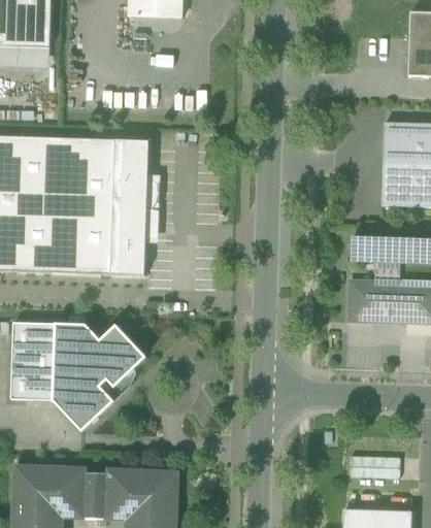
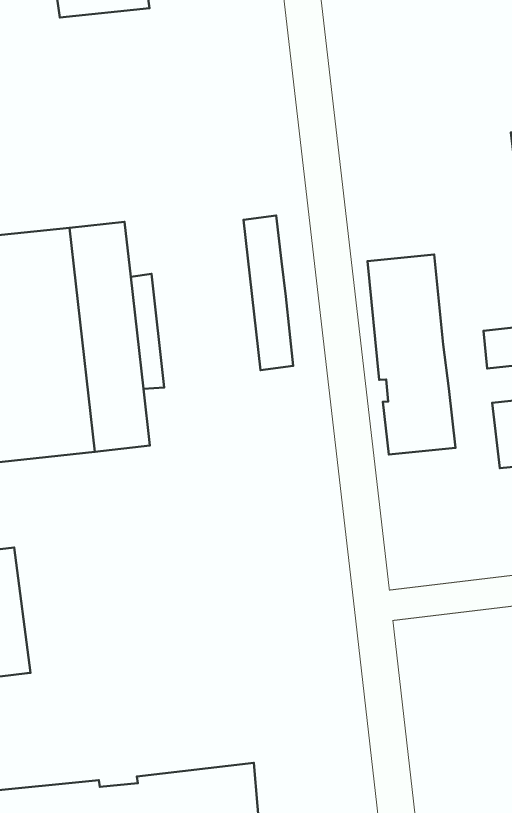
building: none -> [243,216,293,370]
building: none -> [368,254,455,454]
building: [53,324,145,431] -> none

